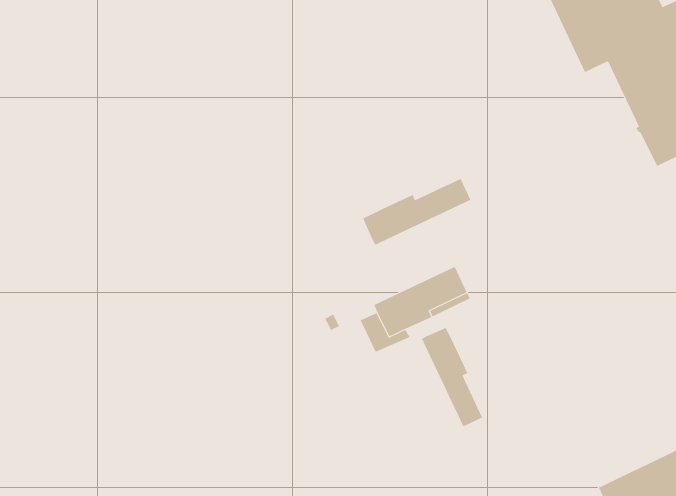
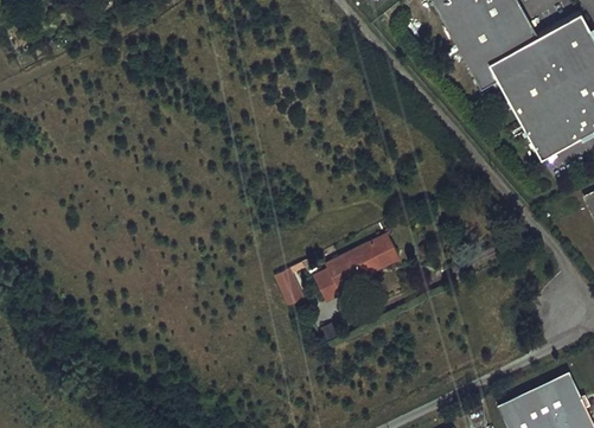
building: [363,178,471,245] -> none
building: [421,327,483,427] -> none

